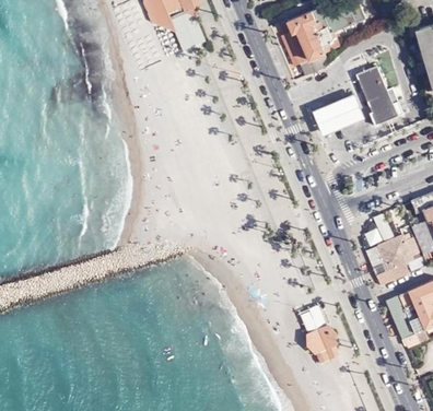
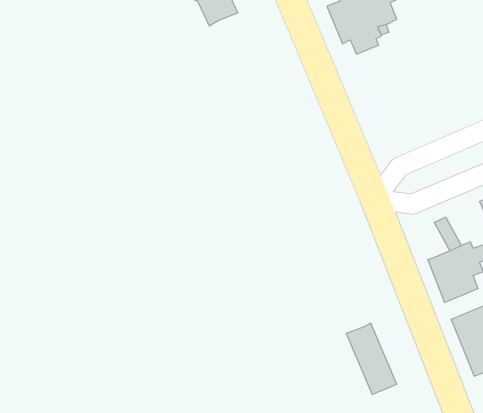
building: [354,67,397,126] -> none
building: [311,94,363,137] -> none

